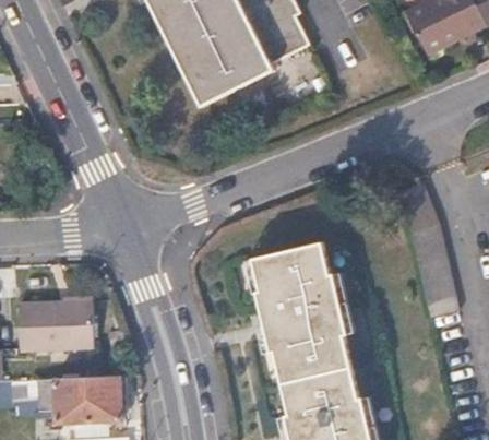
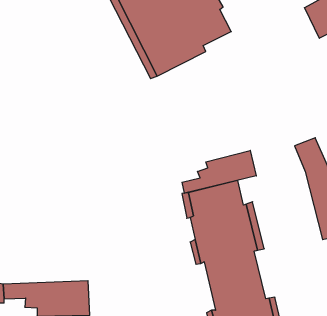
building: none -> [182,150,256,193]
building: [17,300,93,349] -> none

